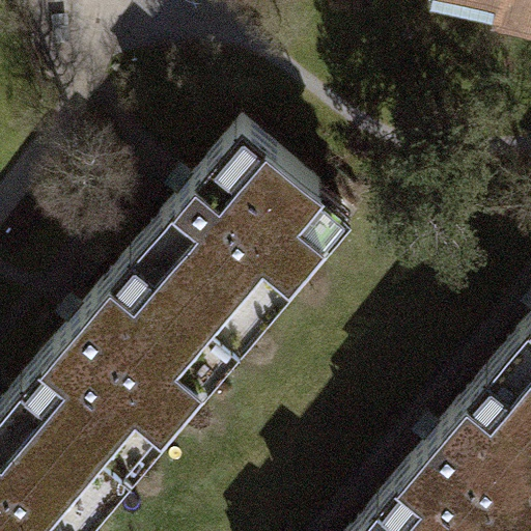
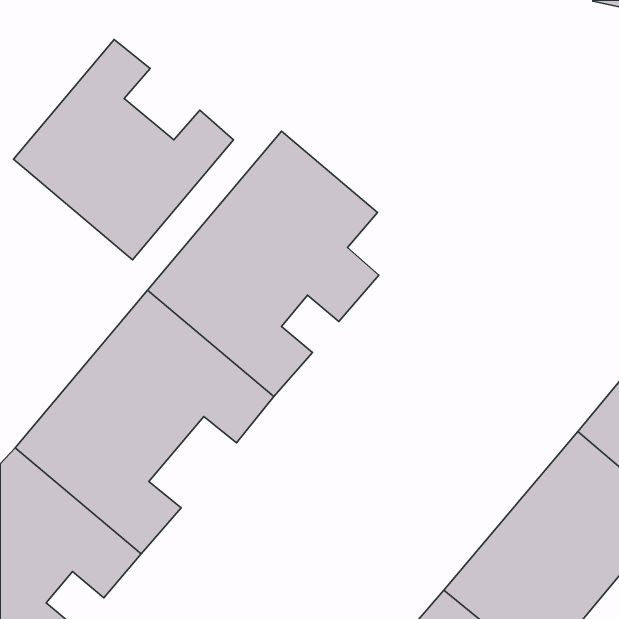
building: none -> [13,39,234,260]

